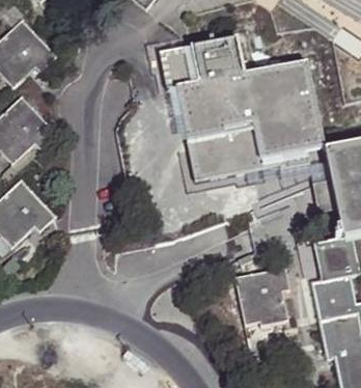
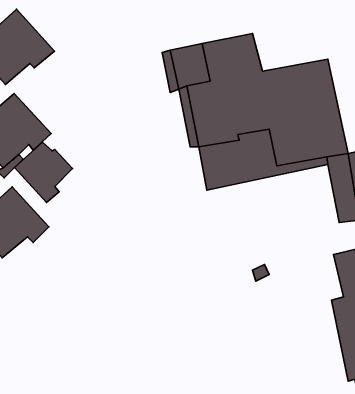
building: none -> [15,142,73,202]
building: [237,269,294,331] -> none

